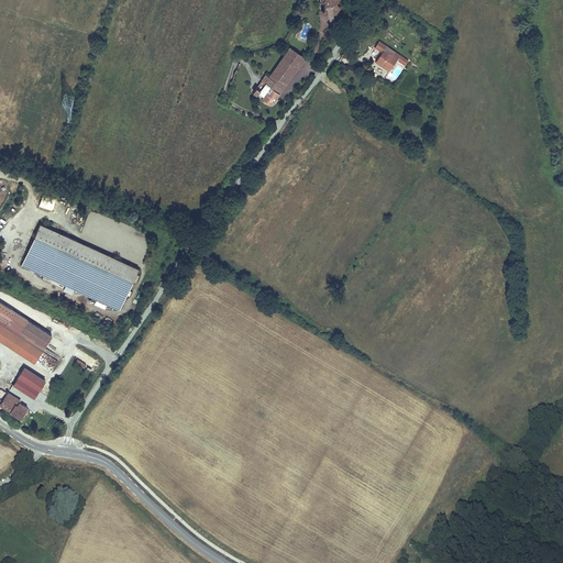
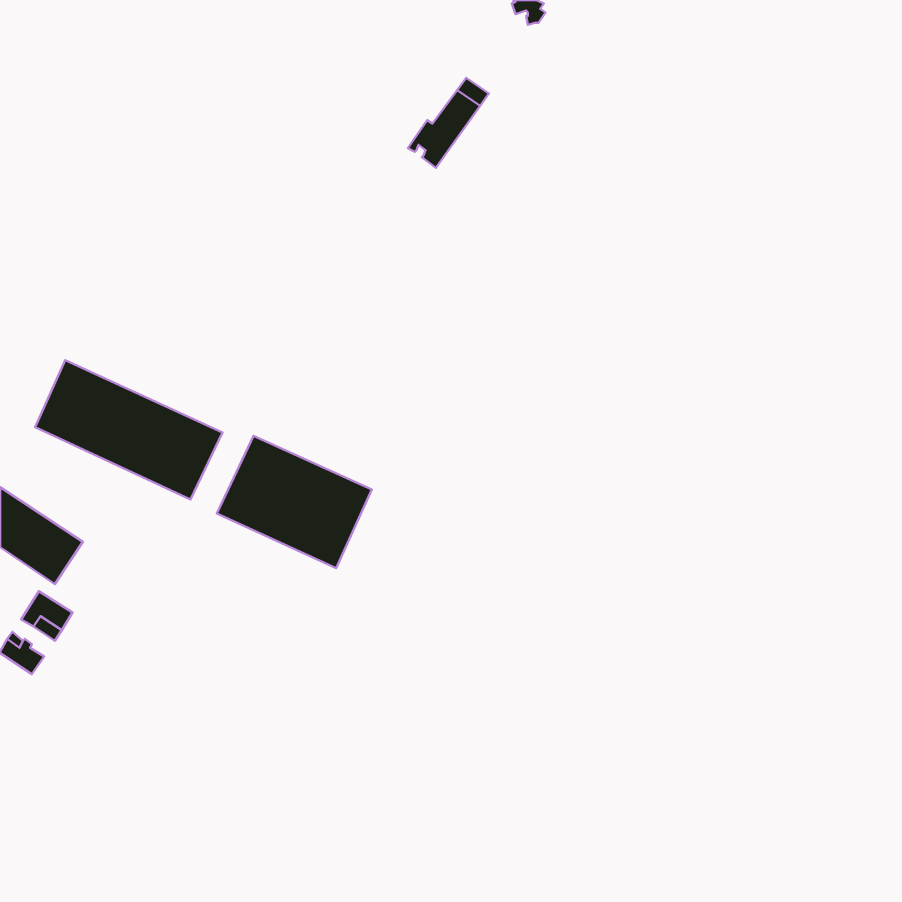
building: [374,42,408,73] -> none
building: none -> [217,436,372,568]

